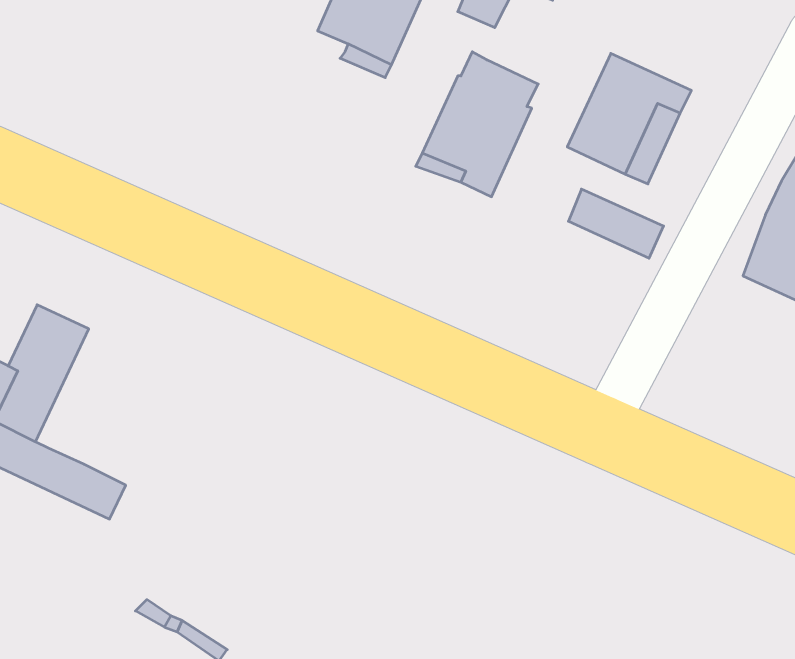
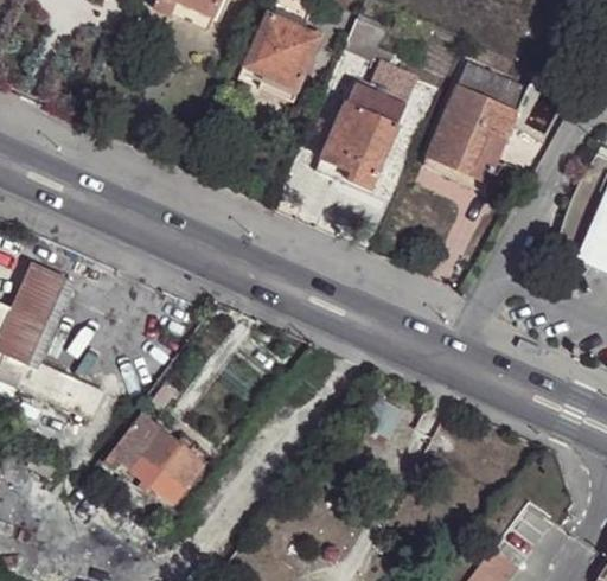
building: none -> [366,65,416,104]
building: [568,189,664,258] -> [458,58,528,109]
building: none -> [104,419,203,504]

